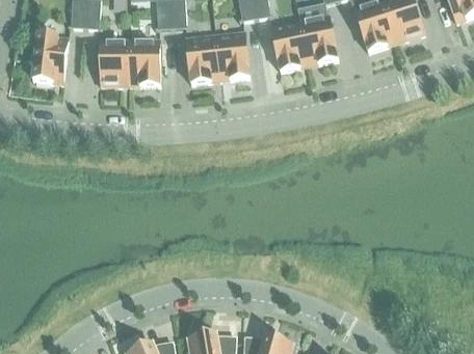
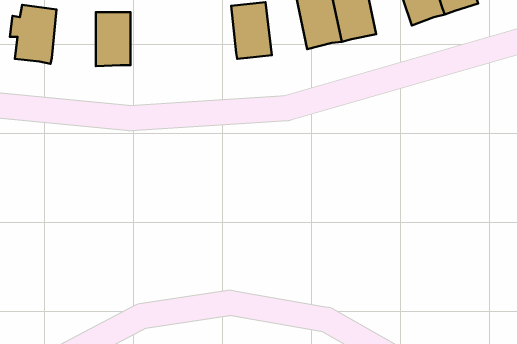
building: [186,35,220,83] -> none
building: [130,39,160,85] -> none

